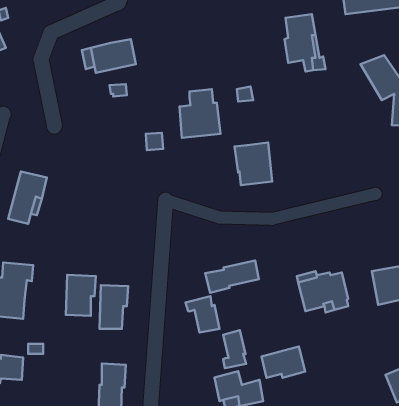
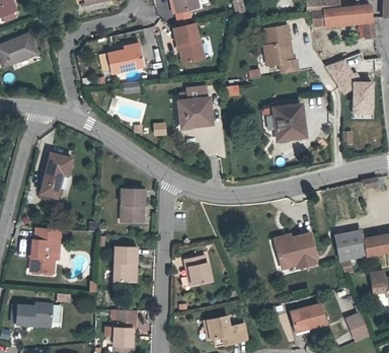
building: none -> [174,20,204,63]
building: [235,143,272,185] -> [274,104,304,139]
building: [205,260,259,293] -> none
building: [66,275,96,316] -> [121,189,145,222]
building: [223,330,246,368] -> none
building: [261,346,305,378] -> [291,303,326,329]

